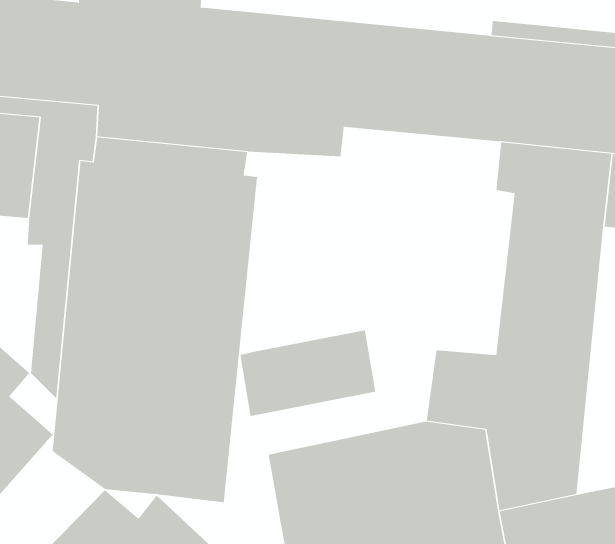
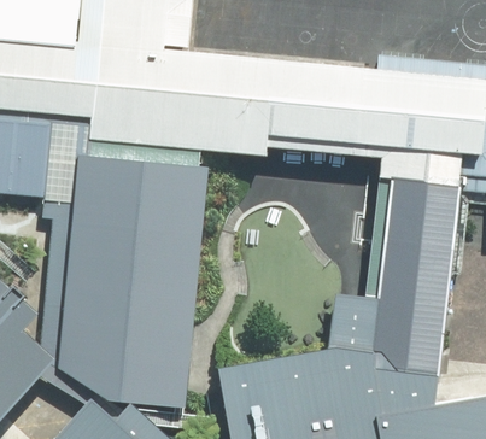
building: [240,330,376,417] -> none

